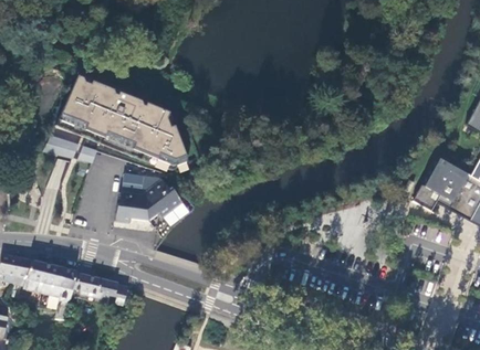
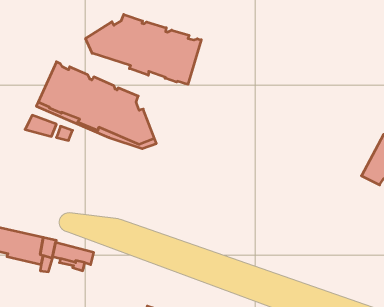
building: none -> [86,14,201,84]
building: [117,174,184,223] -> none

